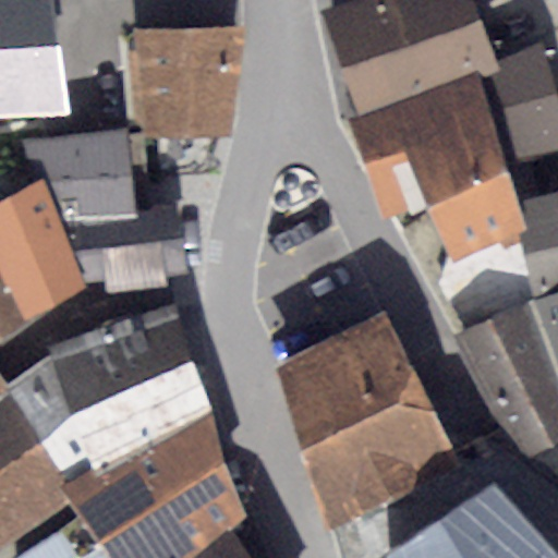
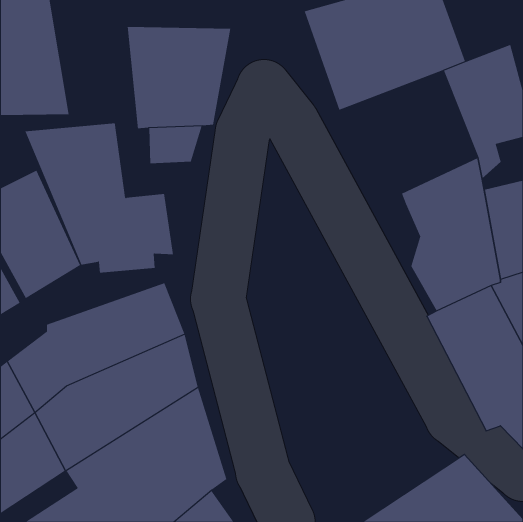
building: [350,75,509,235] -> none
building: [282,324,451,520] -> none

